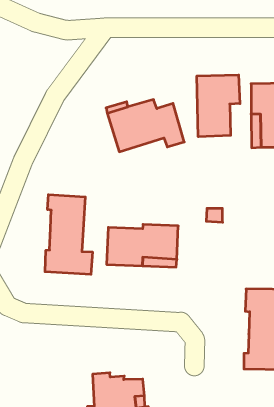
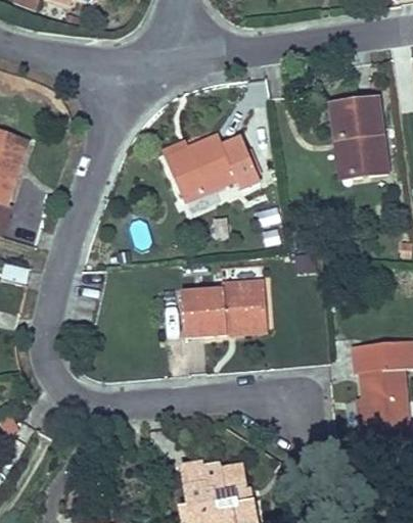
building: [197,75,240,137] -> none
building: [45,195,92,274] -> none

